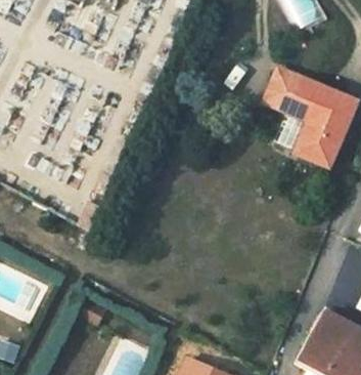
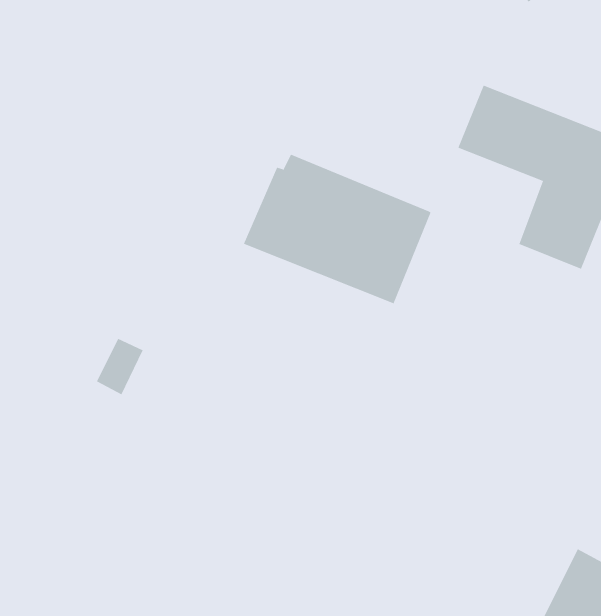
building: none -> [243,154,431,304]

